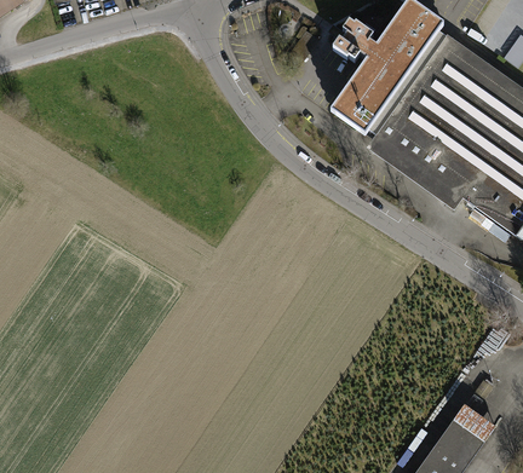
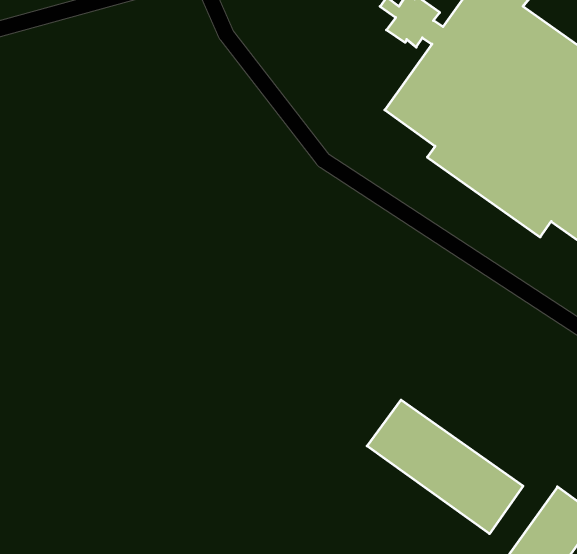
building: none -> [367,400,523,534]

